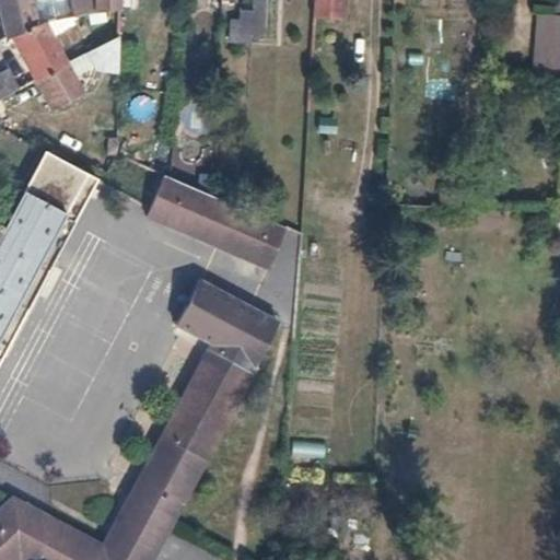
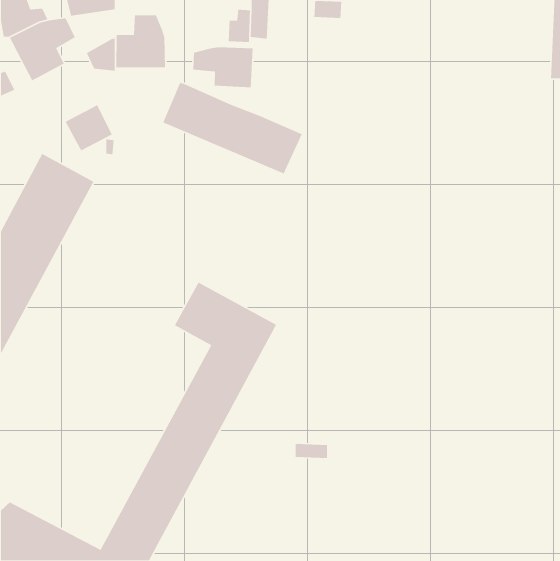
building: none -> [116,14,166,68]
building: none -> [193,47,253,88]
building: [34,63,82,110] -> [64,104,113,151]
building: [145,176,285,268] -> [162,82,303,175]

